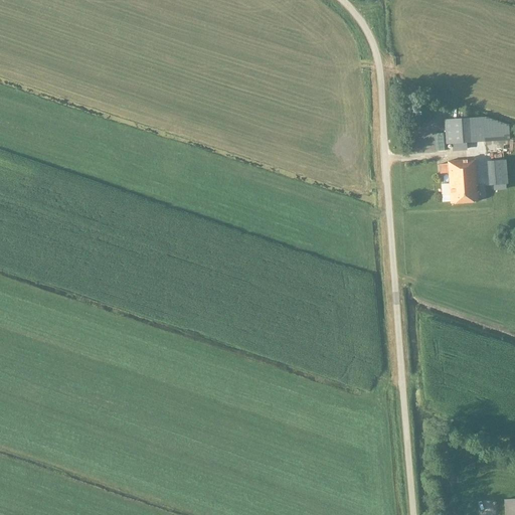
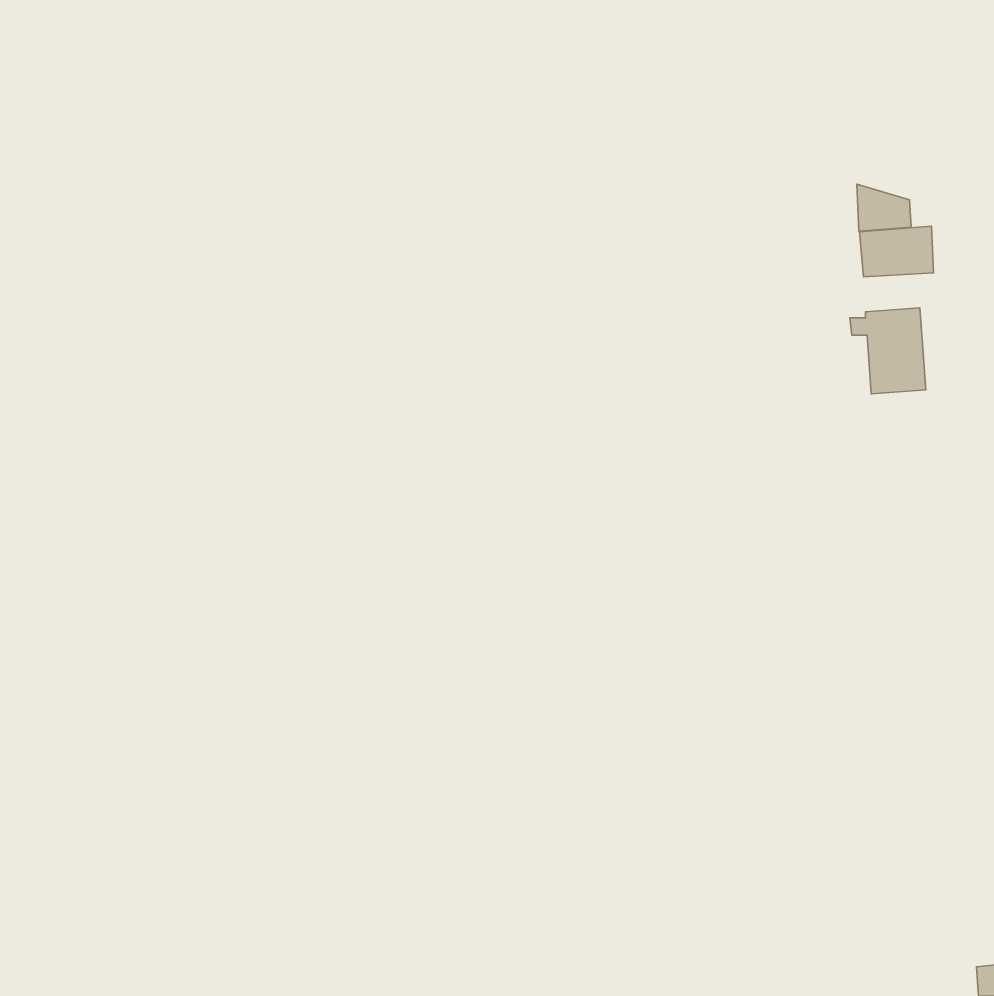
building: [482,117,510,141] -> [857,184,911,231]
building: [488,159,507,185] -> none

